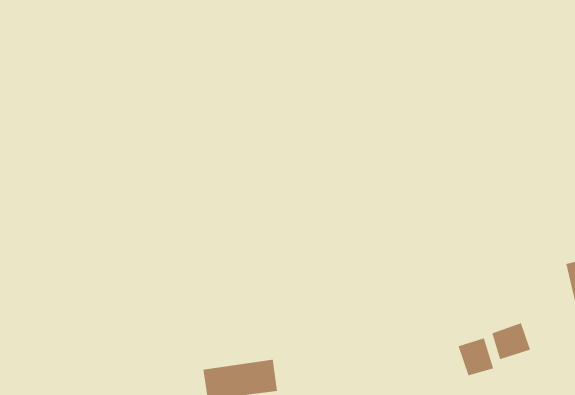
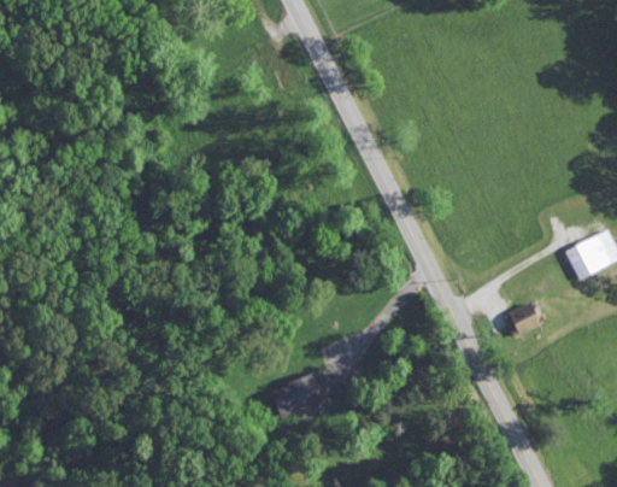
building: [458,337,494,376] -> none

